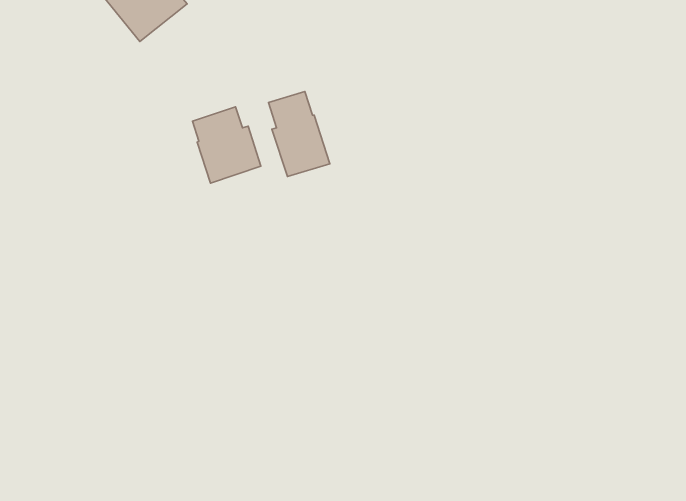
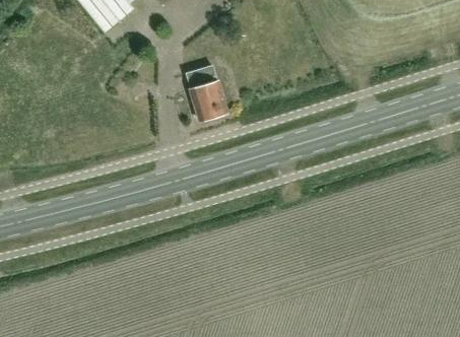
building: [193,107,261,183] -> none

